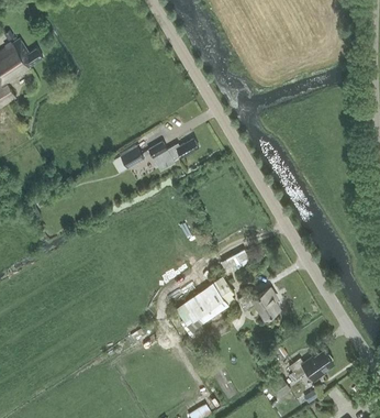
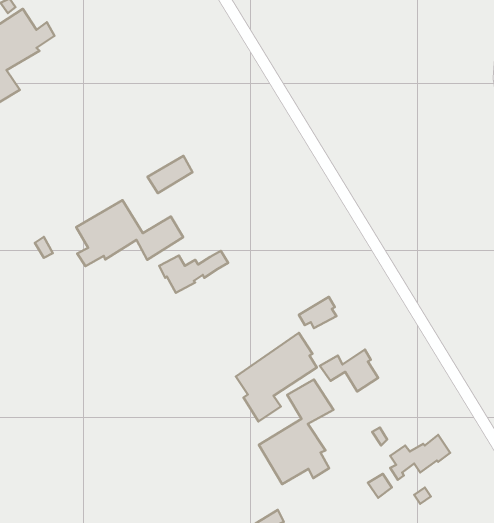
building: [147,138,198,168] -> [159,251,228,293]
building: none -> [76,200,183,266]
building: none -> [259,379,333,484]

